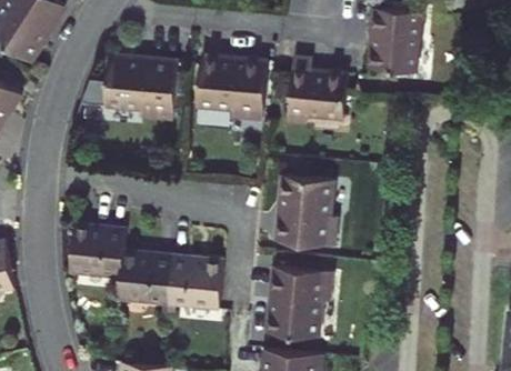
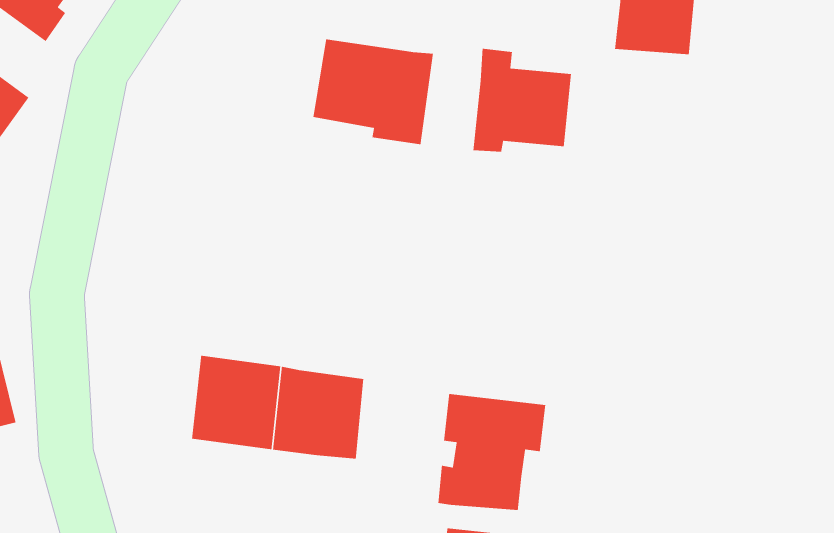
building: [103,54,180,121] -> none
building: [273,173,335,245] -> none
building: [67,221,124,280] -> none

